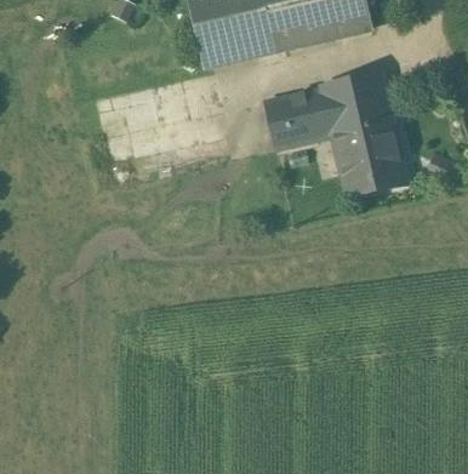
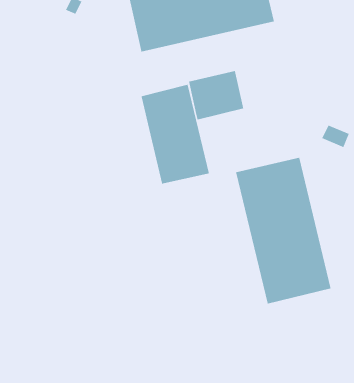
building: [321,72,406,195] -> [141,84,210,185]
building: none -> [235,157,331,305]

